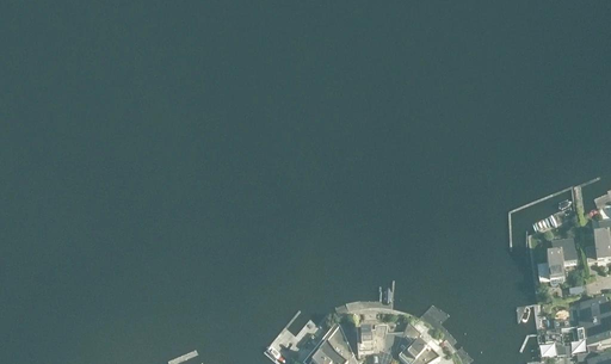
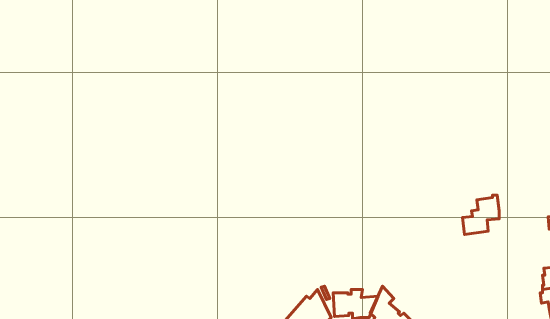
building: [537,239,576,280] -> [462,195,499,234]

